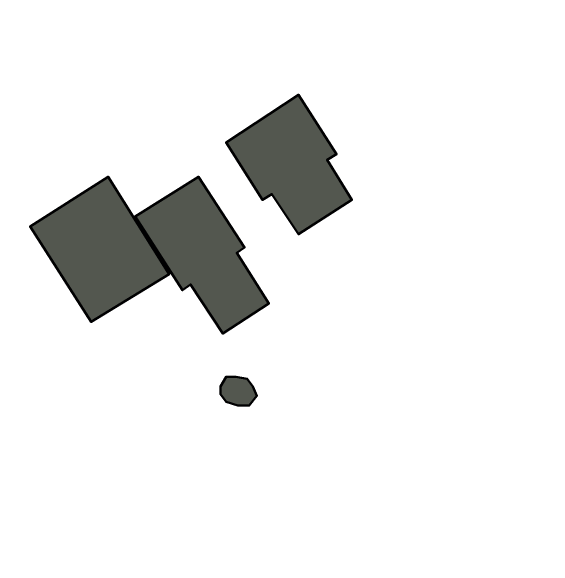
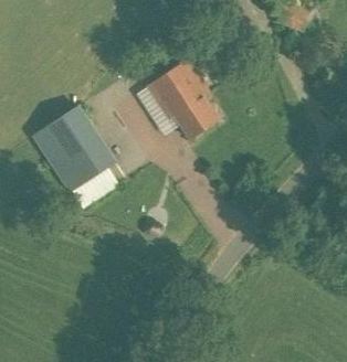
building: [135,177,269,333] -> none

